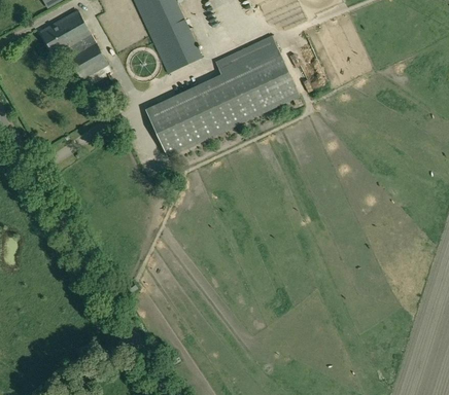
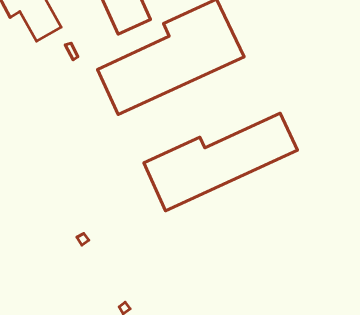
building: none -> [144,113,298,211]

